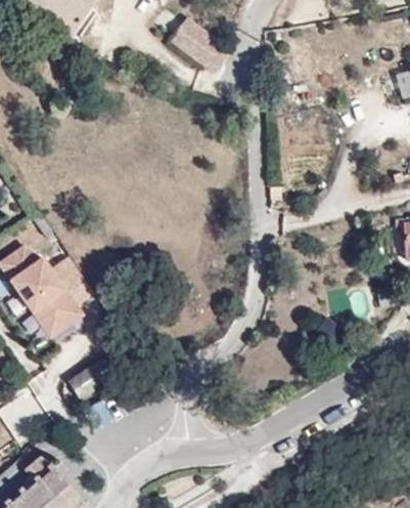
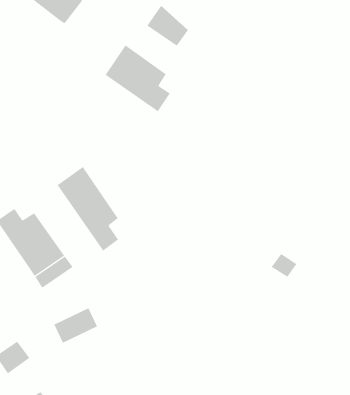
building: none -> [105,45,170,112]
building: none -> [57,166,119,251]

